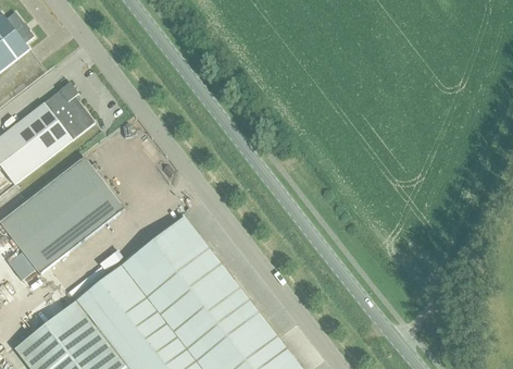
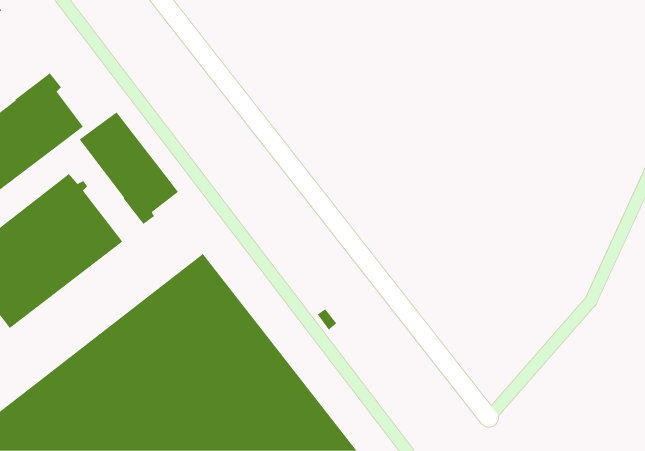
building: none -> [79,111,179,225]

